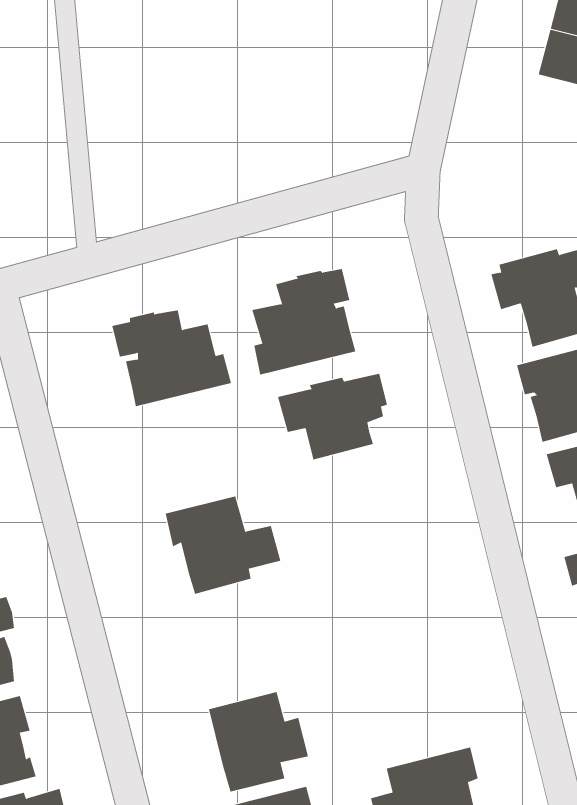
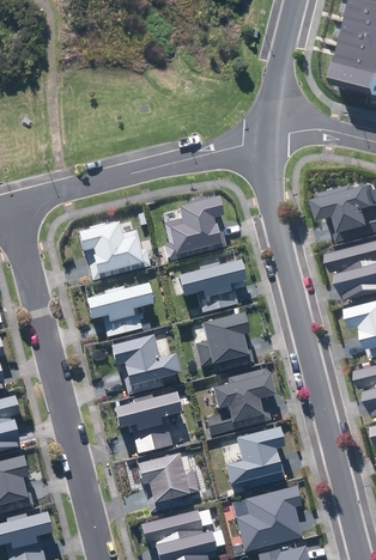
building: none -> [85,284,152,336]
building: none -> [194,312,254,370]
building: none -> [206,367,274,434]
building: none -> [114,391,182,454]
building: none -> [226,425,286,488]

